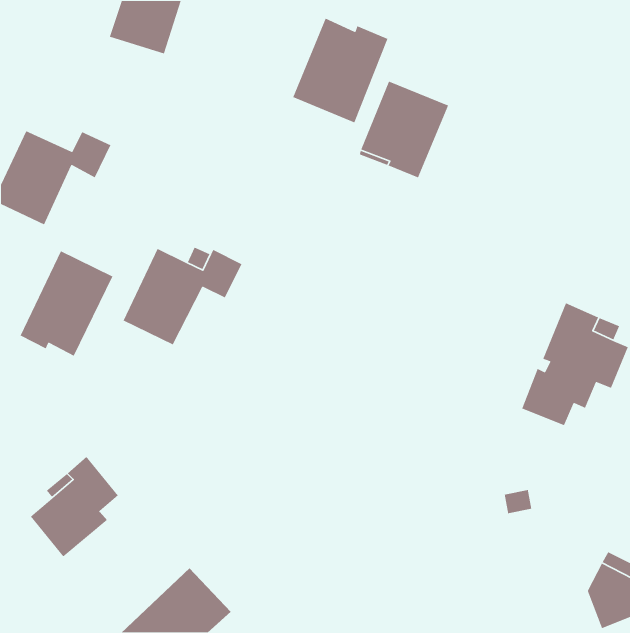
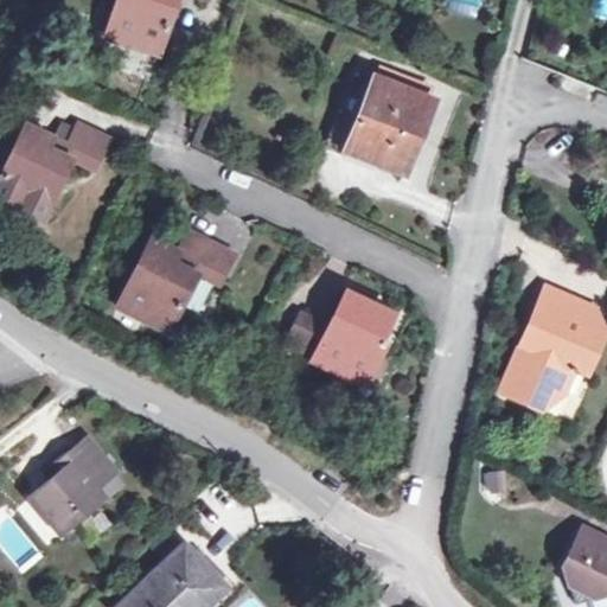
building: [292,18,389,123] -> none
building: [19,250,113,357] -> none
building: none -> [287,289,394,382]

